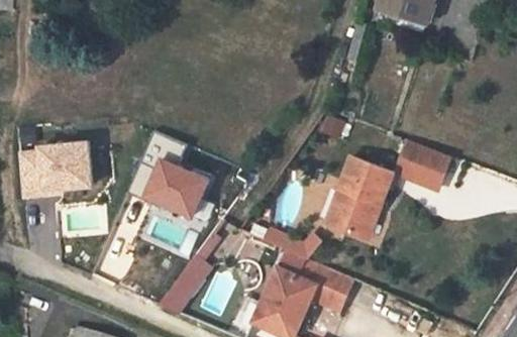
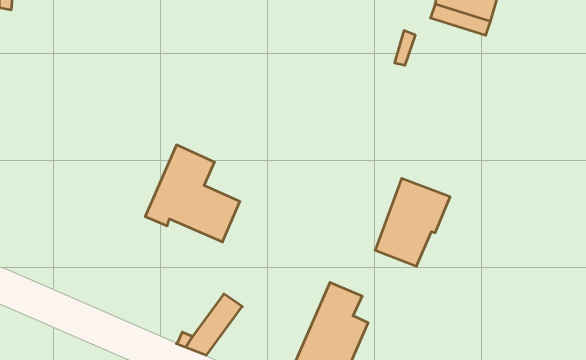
building: [20,139,94,195] -> none
building: [394,140,453,192] -> none
building: [309,261,358,311] -> none

